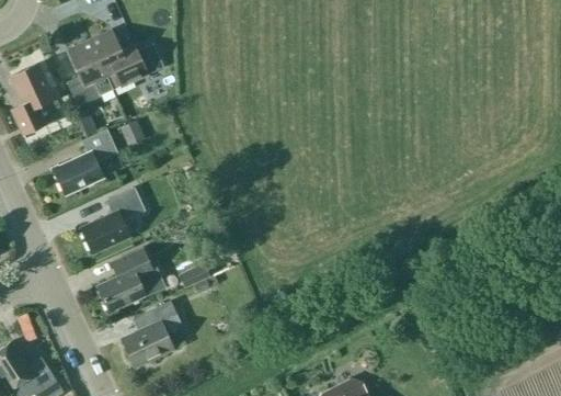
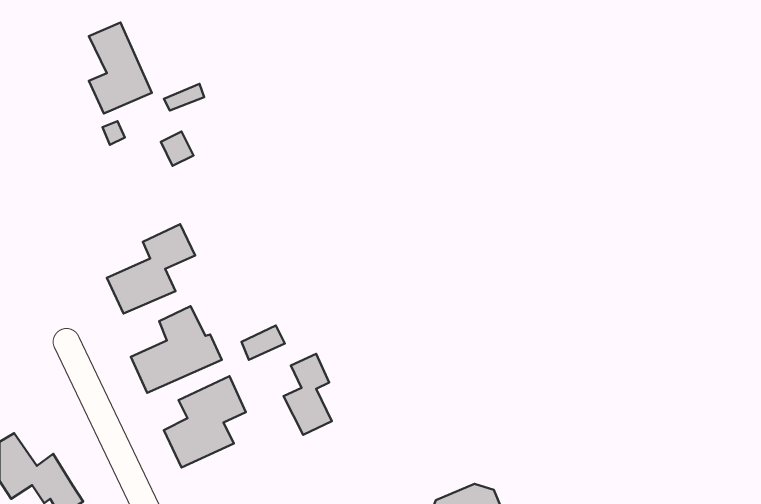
building: [90,29,163,90] -> none
building: [11,63,54,135] -> none
building: [54,128,117,194] -> none
building: none -> [284,354,332,435]

